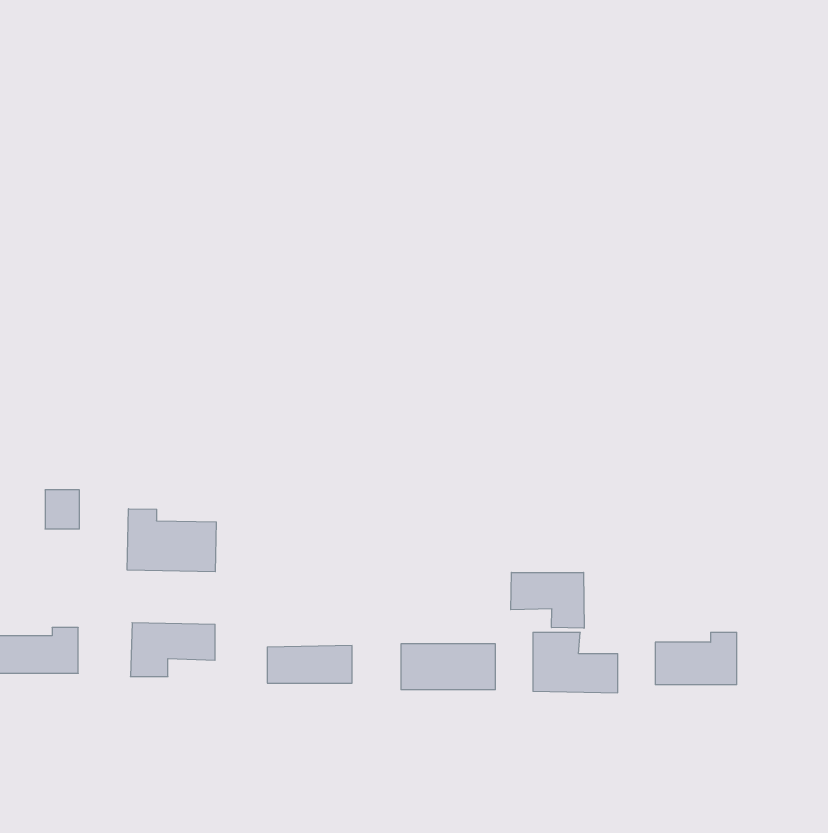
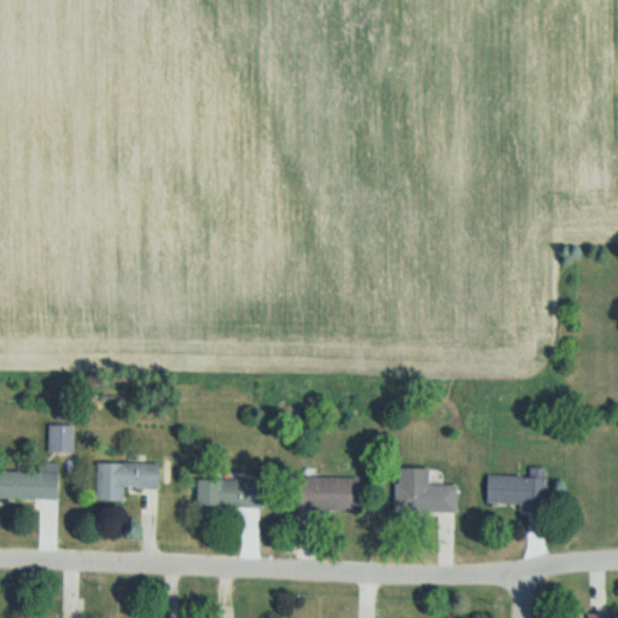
building: [45,490,79,529] -> [47,424,72,453]
building: [127,509,216,572] -> none
building: [511,572,584,628] -> none

